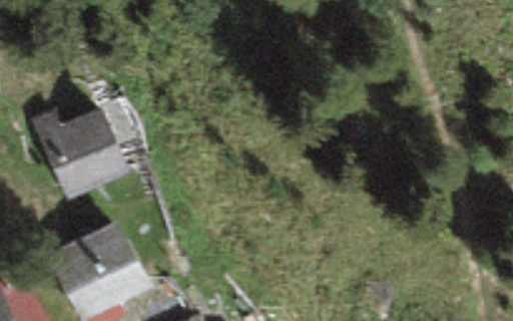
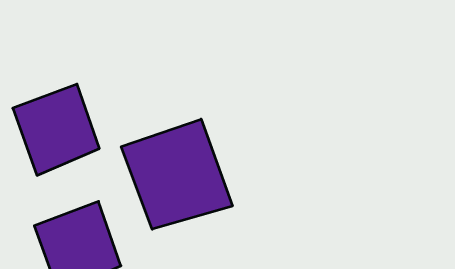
building: none -> [121,119,232,229]

